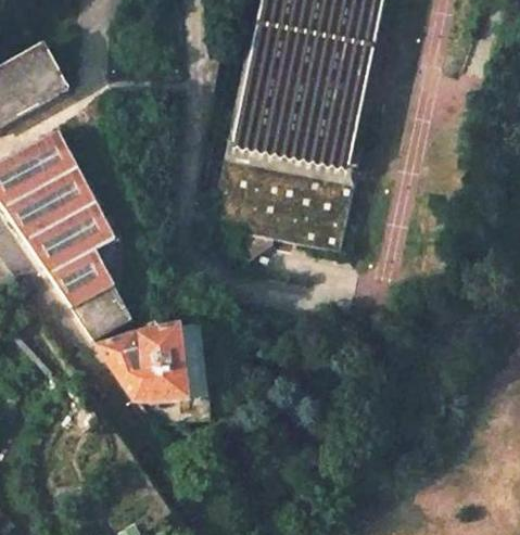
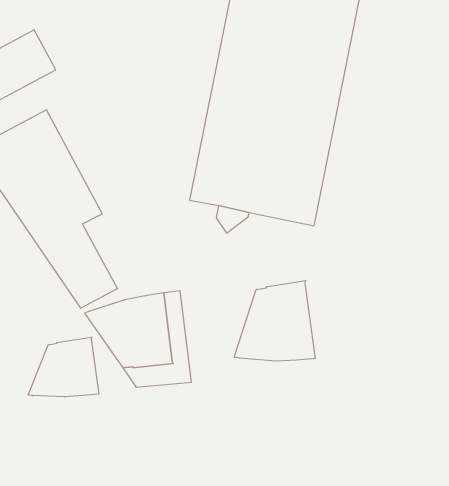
building: none -> [234,281,315,361]
building: none -> [28,337,99,397]

